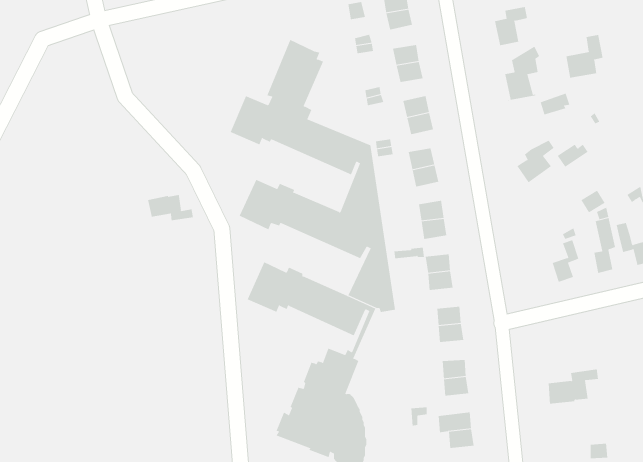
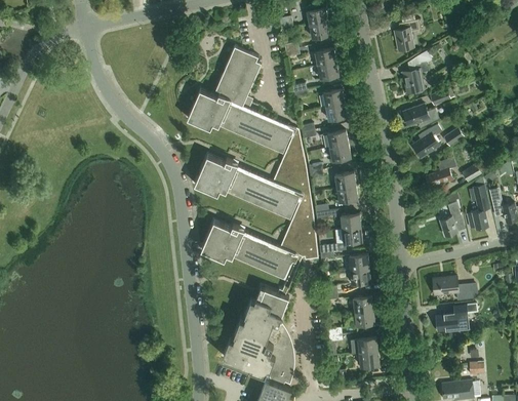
building: [566,34,603,79] -> none
building: none -> [402,106,438,130]
building: none -> [425,158,455,187]
building: [147,194,193,221] -> none
building: none -> [432,277,476,302]

